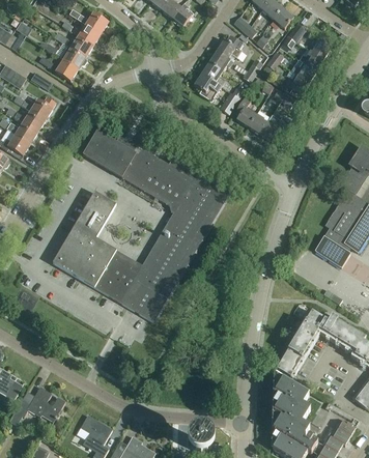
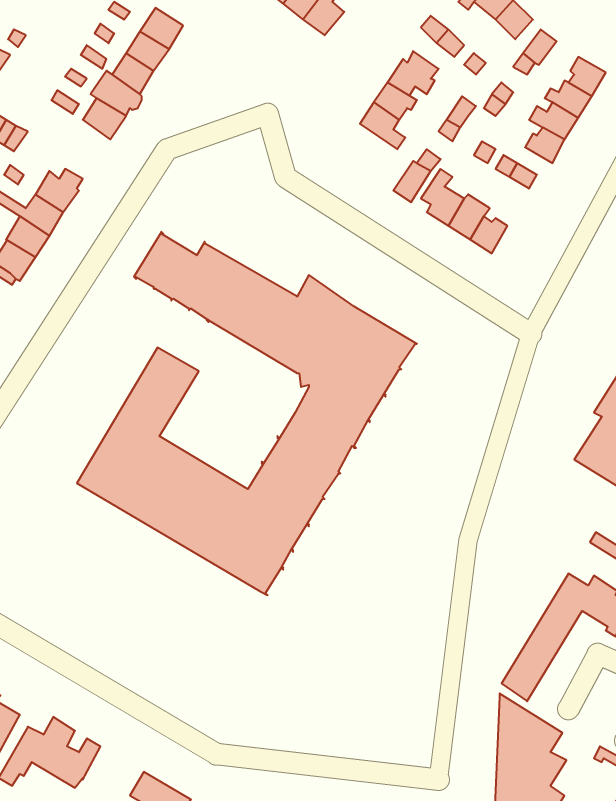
building: [193,73,221,99] -> none

